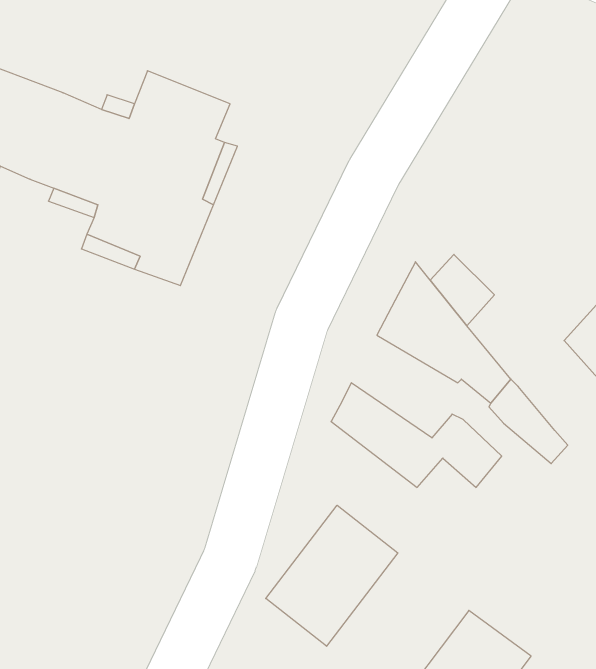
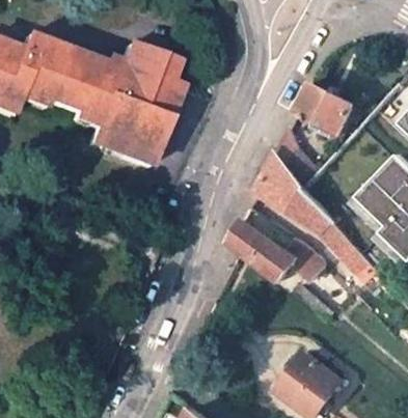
building: none -> [295,83,350,132]
building: [266,505,398,646] -> none

